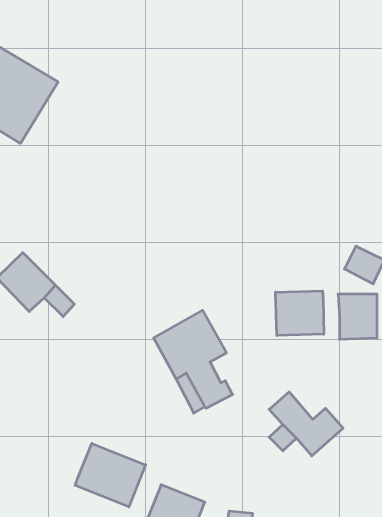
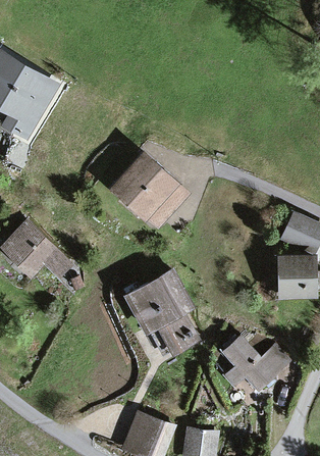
building: none -> [115,155,184,223]
building: [276,291,324,336] -> none
building: [75,443,146,507] -> none

